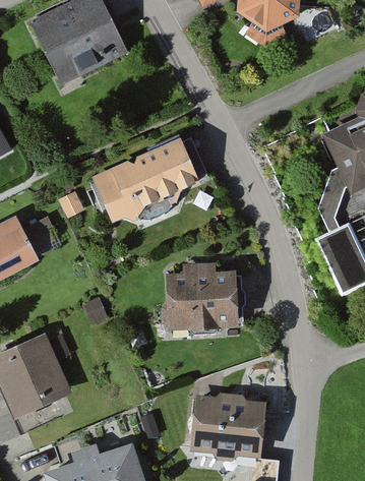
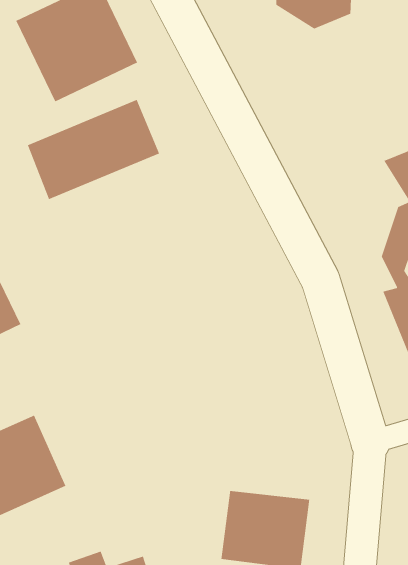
building: [96,142,201,223] -> [27,99,160,200]
building: [167,265,238,328] -> none

